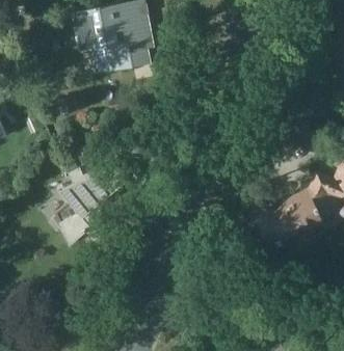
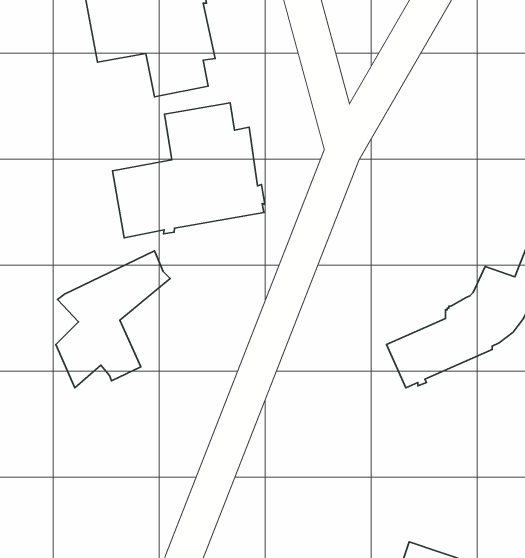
building: none -> [112,103,265,238]

